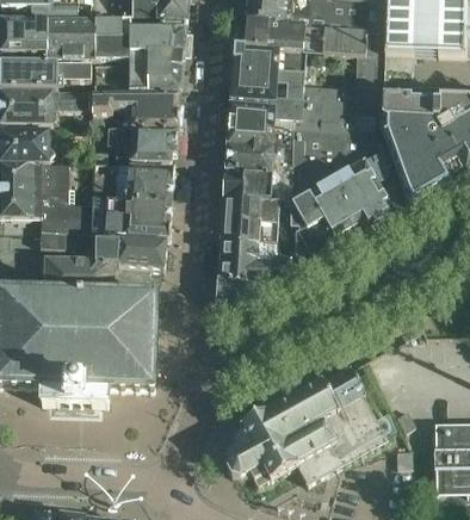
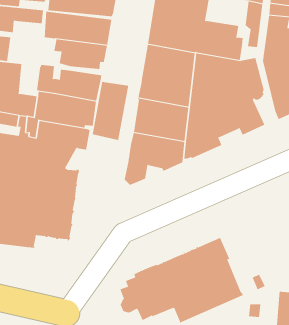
building: none -> [92,81,129,141]

